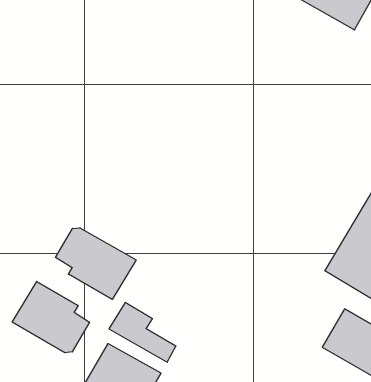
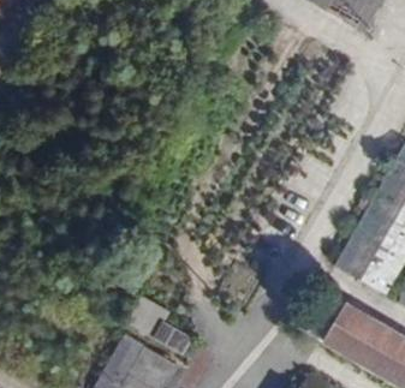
building: [56,228,136,299] -> none
building: [12,281,90,353] -> none

